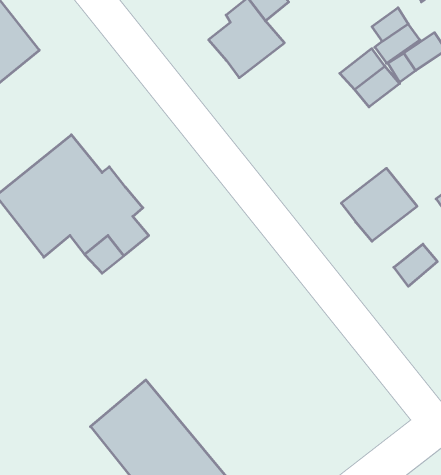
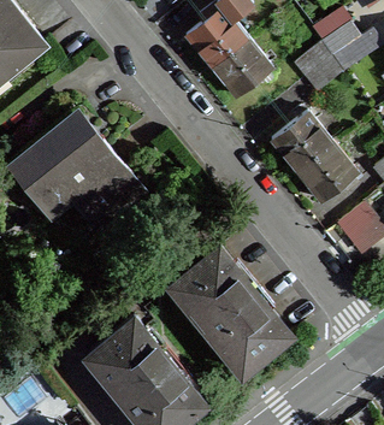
building: none -> [211,39,273,99]
building: none -> [271,111,332,171]
building: none -> [172,248,290,373]

